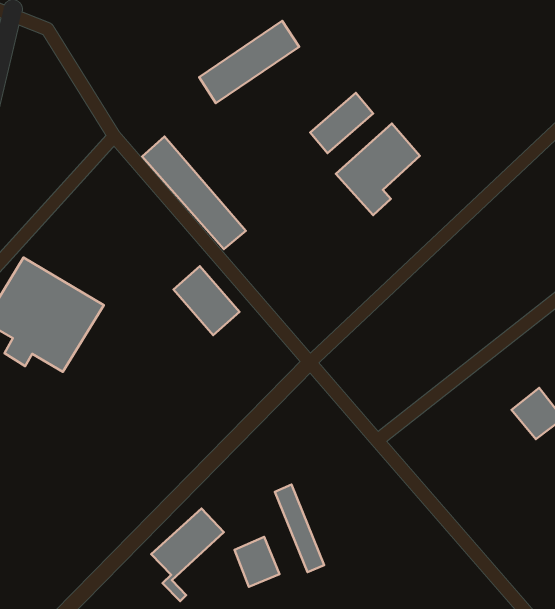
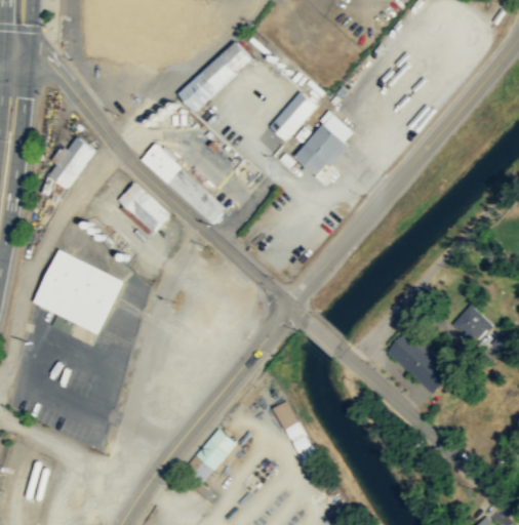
building: none -> [48,136,94,189]
building: [173,266,240,335] -> [115,183,168,235]
building: none -> [385,326,453,394]
building: [235,537,280,587] -> none

